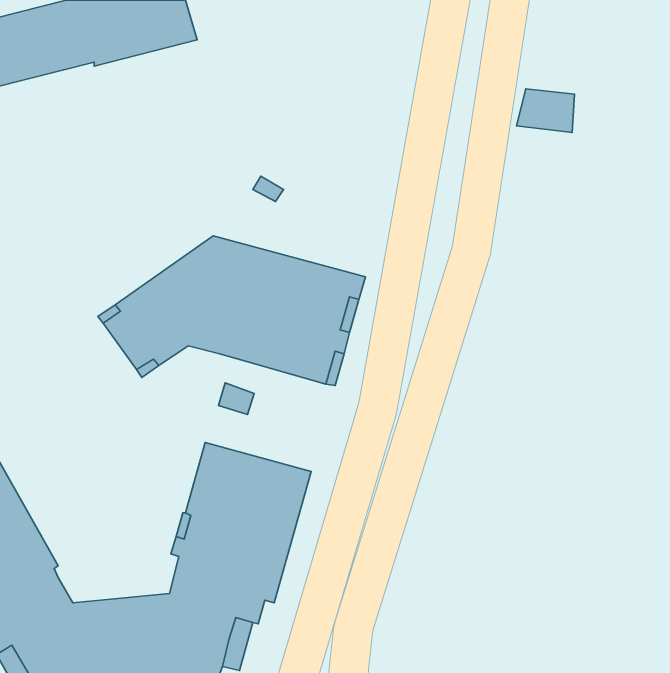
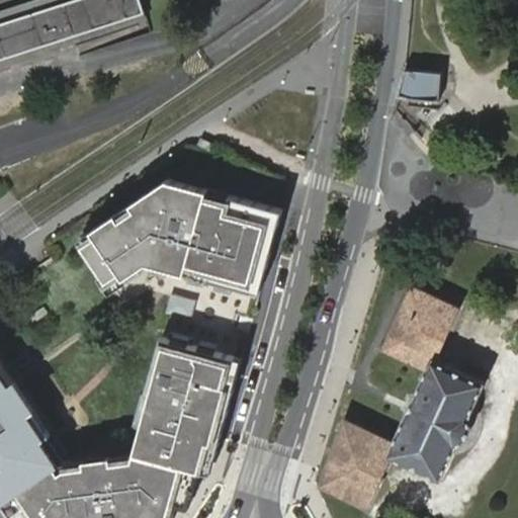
building: none -> [314,282,482,509]

